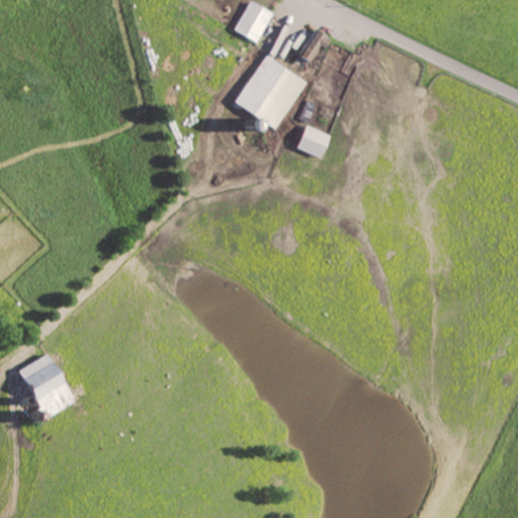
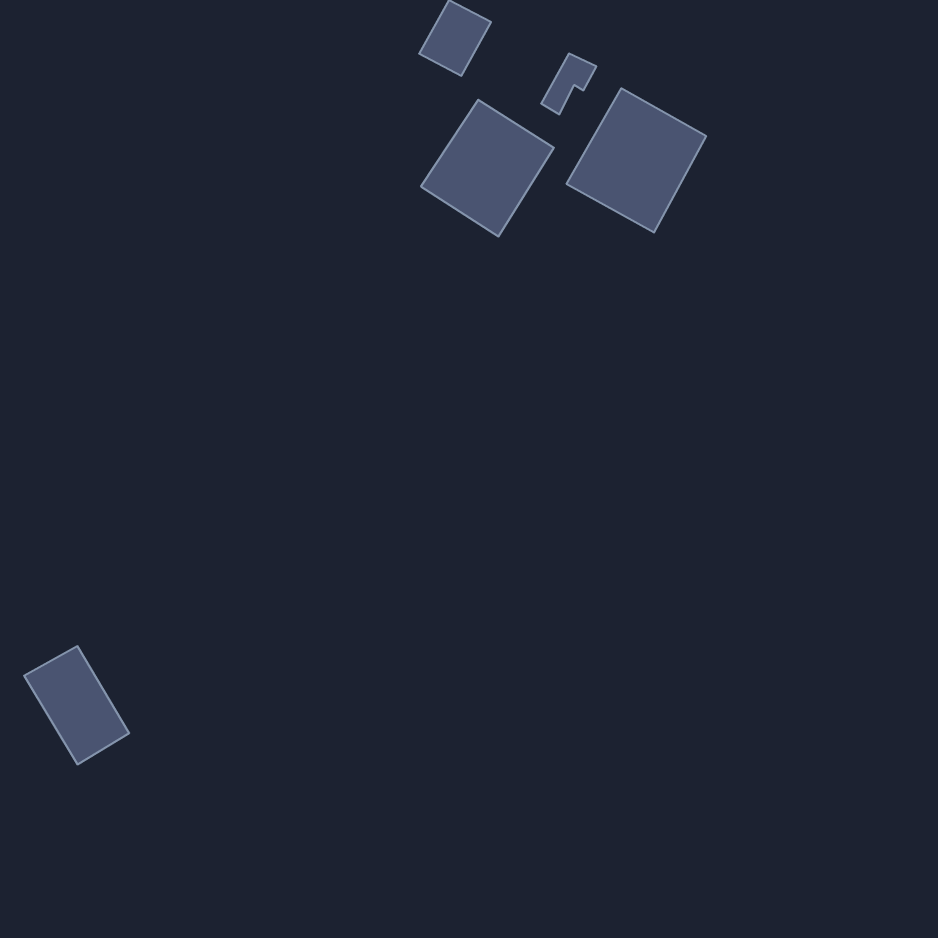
building: none -> [567,88,706,233]
building: [295,123,330,158] -> none

